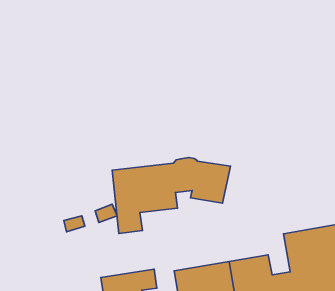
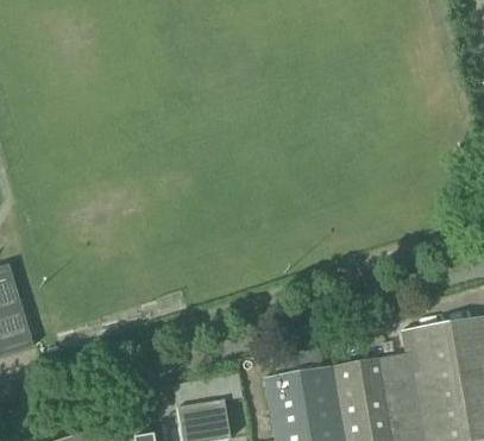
building: [112,158,230,233] -> none

